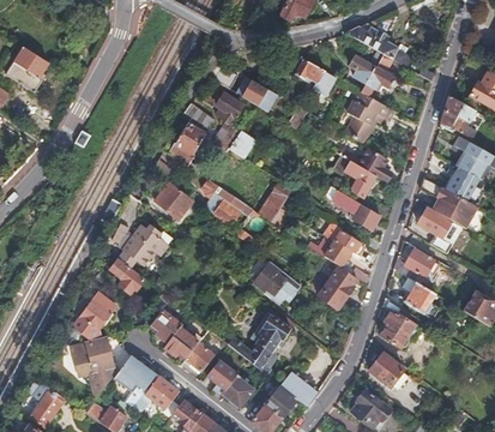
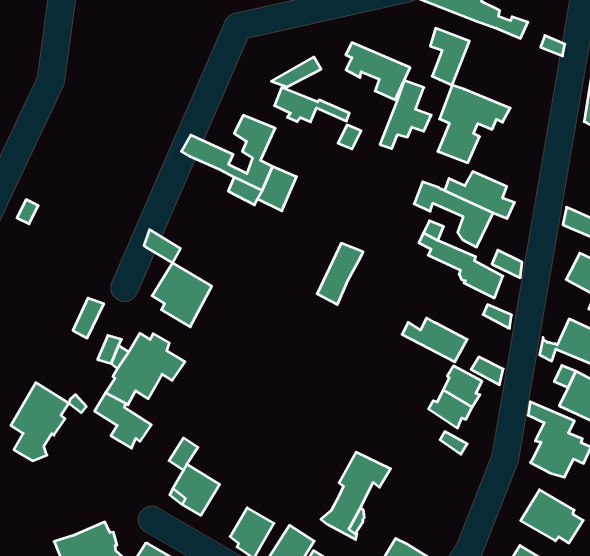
building: [361,53,396,95] -> [380,81,431,149]
building: [169,115,207,172] -> none
building: [204,180,253,224] -> none
building: [322,221,363,253] -> none
building: [253,263,301,305] -> none
building: [78,292,116,341] -> [11,383,69,461]
building: [164,326,198,358] -> none

